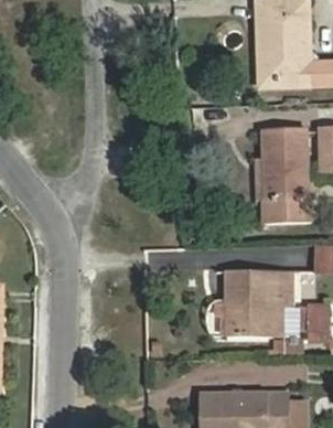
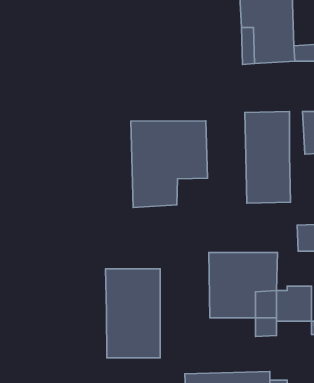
building: none -> [131,121,207,207]
building: none -> [105,269,160,358]

